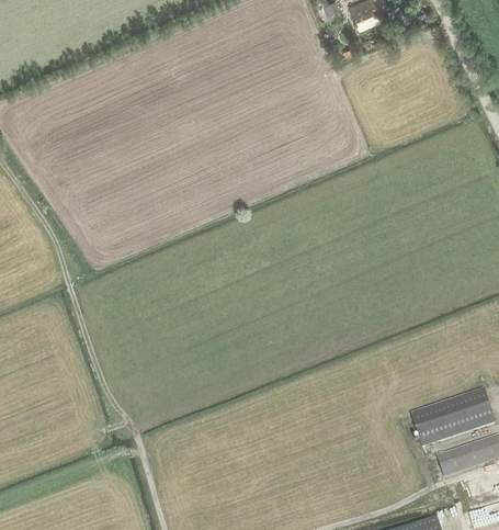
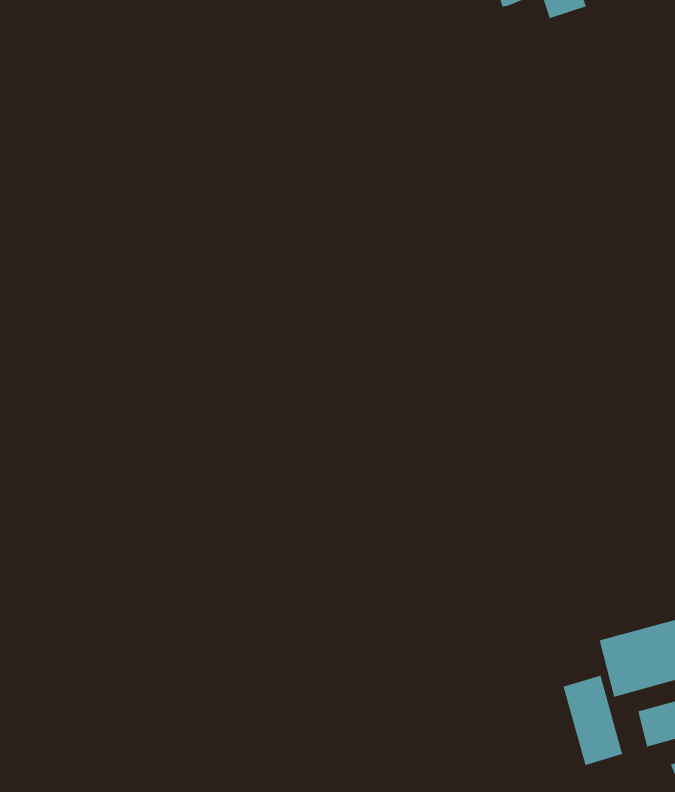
building: none -> [563,675,623,766]

